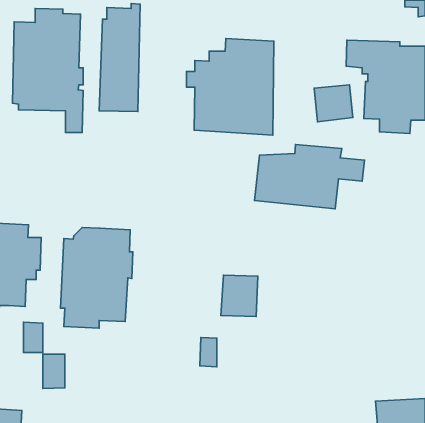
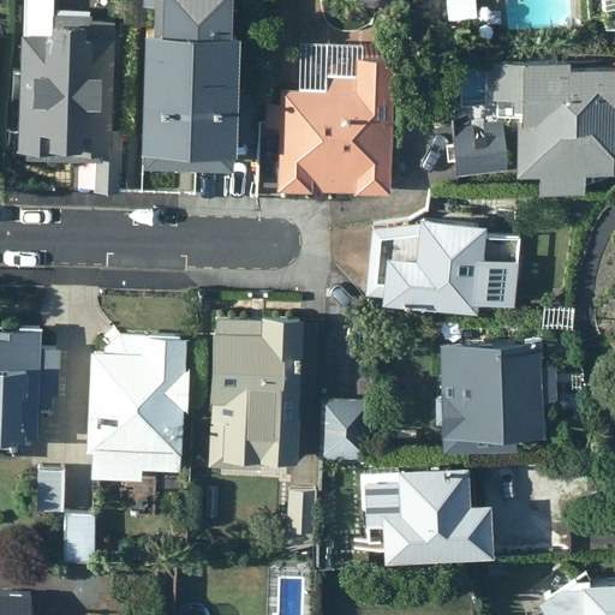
building: none -> [197,14,249,169]
building: none -> [204,317,300,470]
building: none -> [435,336,557,443]
building: none -> [363,465,492,559]

